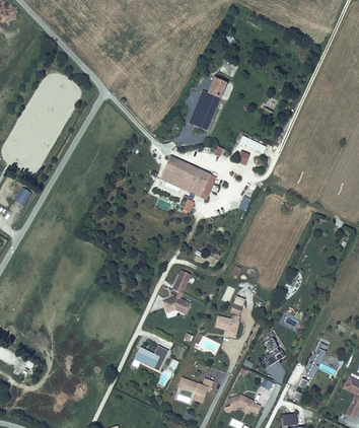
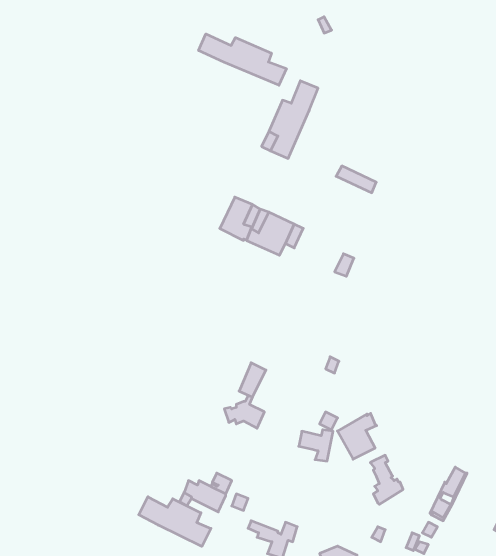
building: none -> [199,34,286,85]
building: none -> [337,413,377,459]
building: none -> [139,497,211,546]

